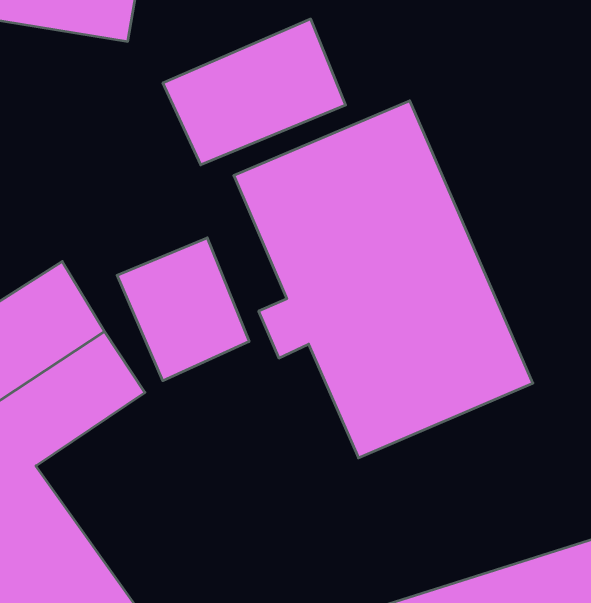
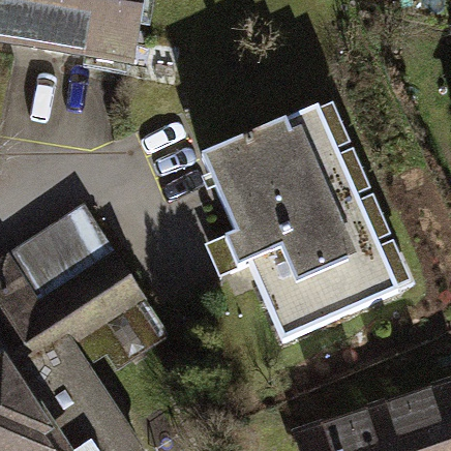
building: [163,19,346,165] -> none
building: [117,238,249,381] -> none

